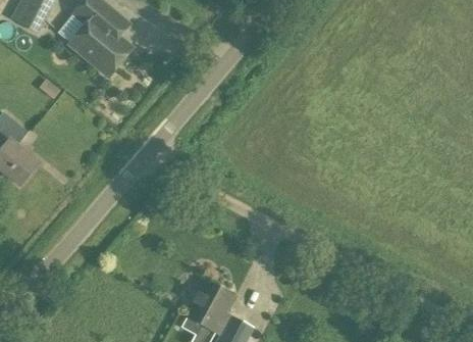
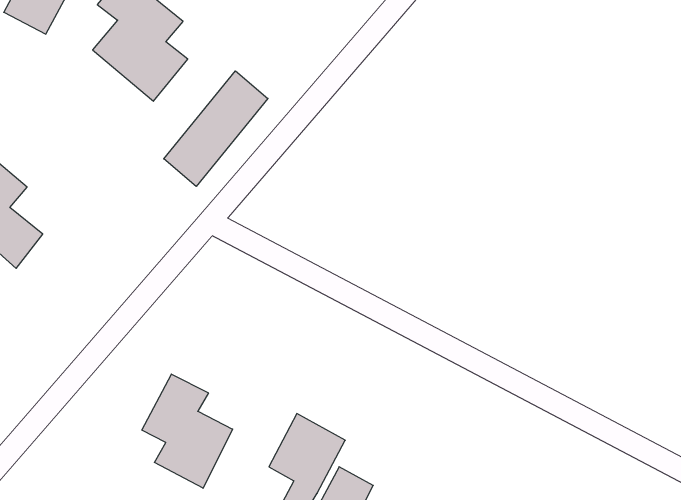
building: none -> [164,71,268,186]
building: none -> [142,374,233,488]

